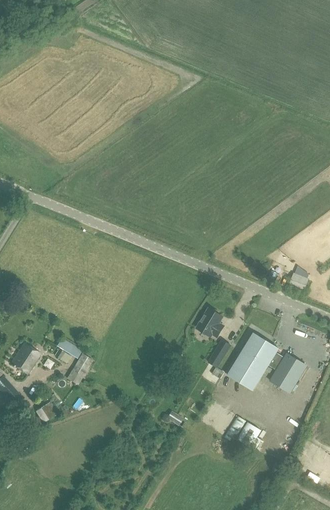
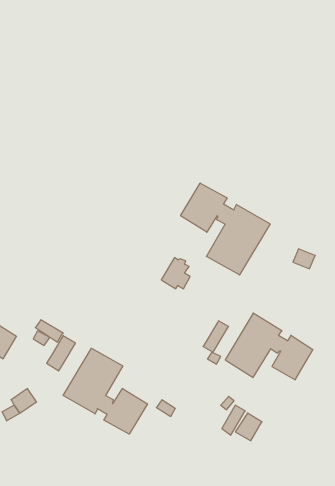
building: none -> [181,183,270,275]
building: [196,308,222,336] -> [161,258,190,289]
building: none -> [63,348,147,434]

